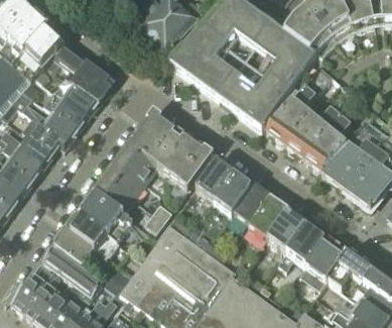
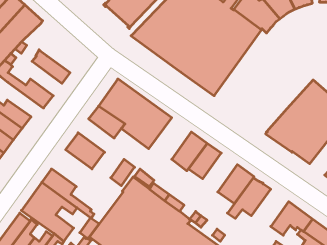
building: [45,45,113,102] -> none
building: [265,66,354,170] -> none
building: [42,88,89,128] -> none
building: [22,113,68,152] -> none
building: [107,154,148,193] -> none
building: [194,156,236,201] -> none
building: [77,190,132,241] -> none
building: [248,194,288,238] -> none
building: [304,235,347,291] -> none

